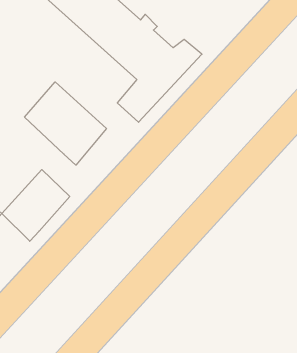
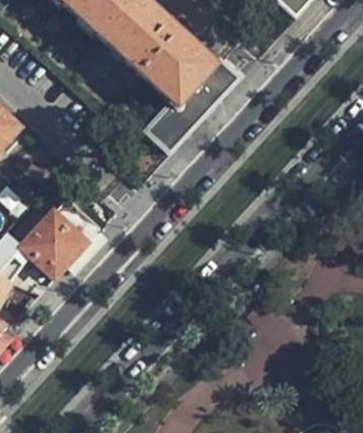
building: [25,82,106,165] -> none

